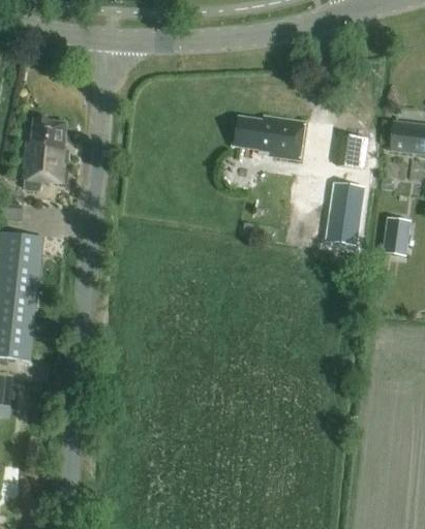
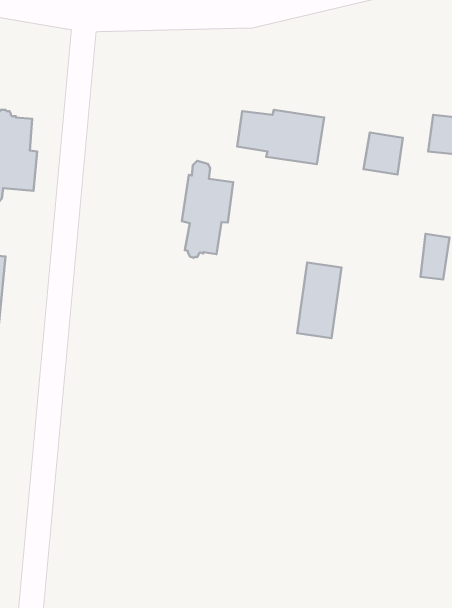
building: none -> [182,161,233,258]
building: [326,183,362,245] -> [297,262,341,338]

